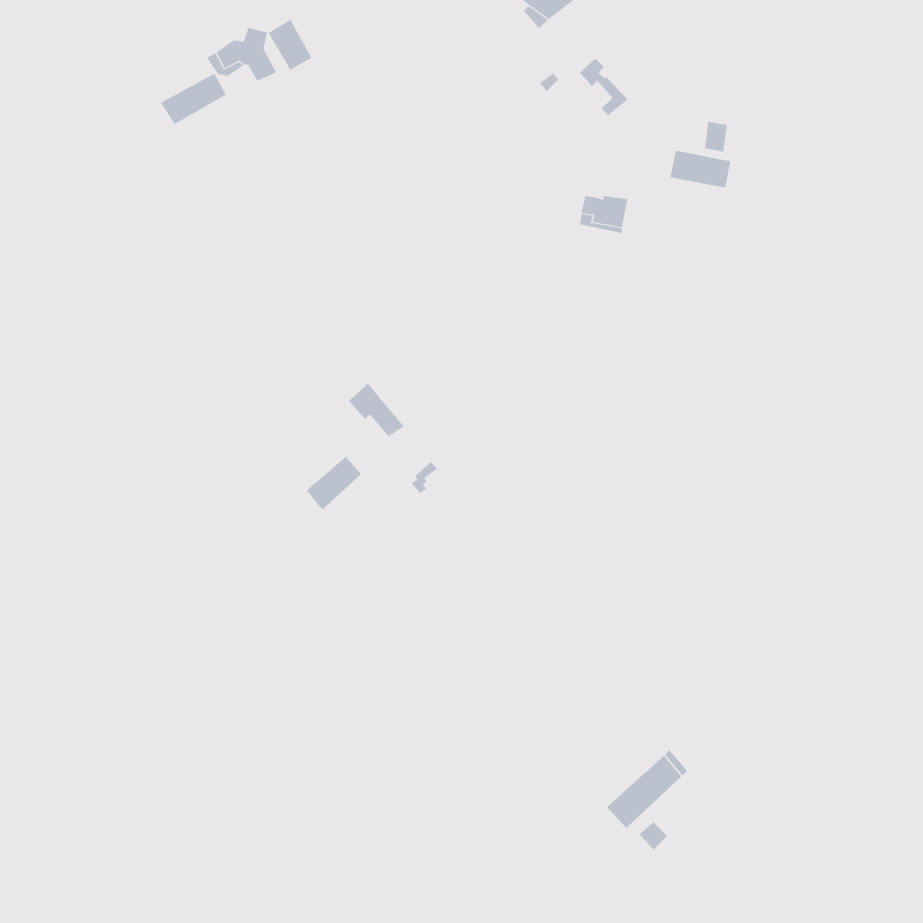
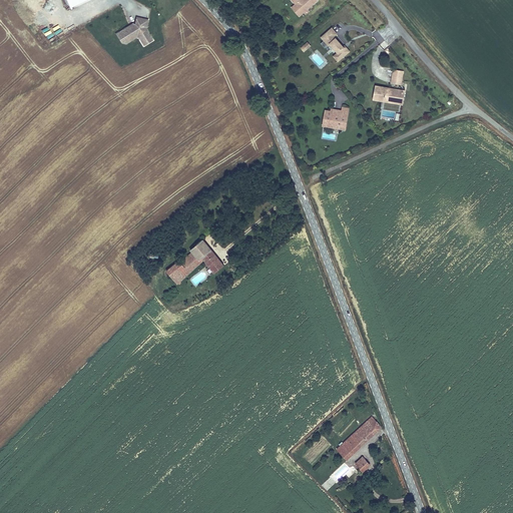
building: [268,19,312,70] -> none
building: [160,73,227,125] -> none
building: [348,383,404,437] -> [191,242,222,273]

